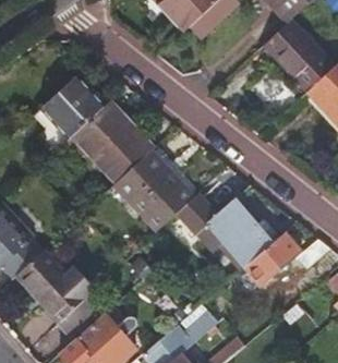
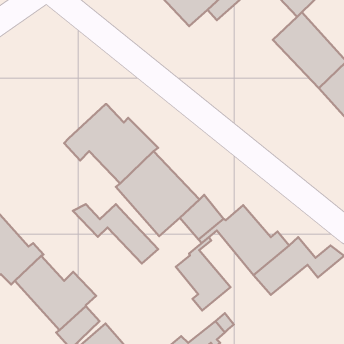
building: [40,76,104,137] -> none
building: none -> [73,204,158,263]
building: none -> [176,237,230,310]

